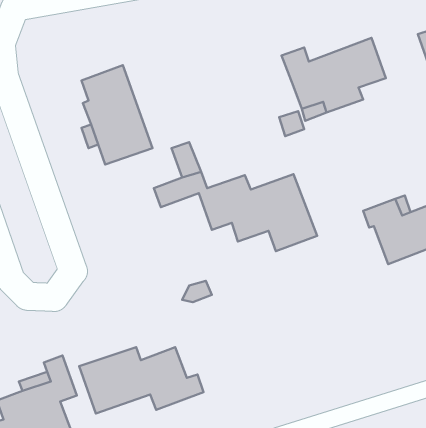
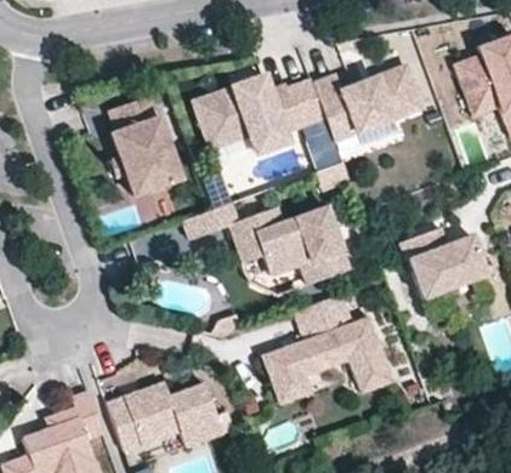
building: none -> [193,76,327,153]
building: none -> [262,295,394,405]

